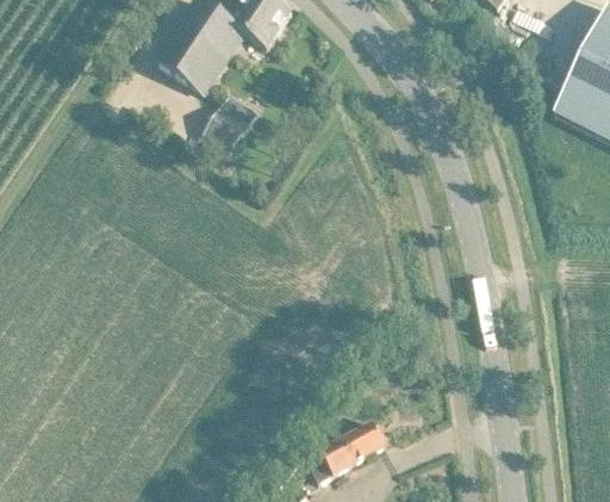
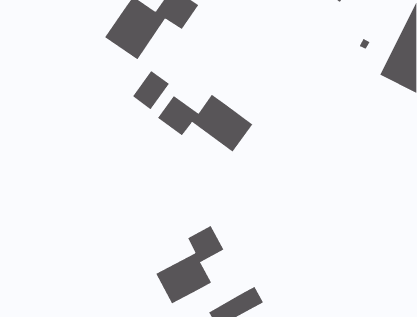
building: none -> [157,94,253,152]
building: none -> [156,225,224,304]

